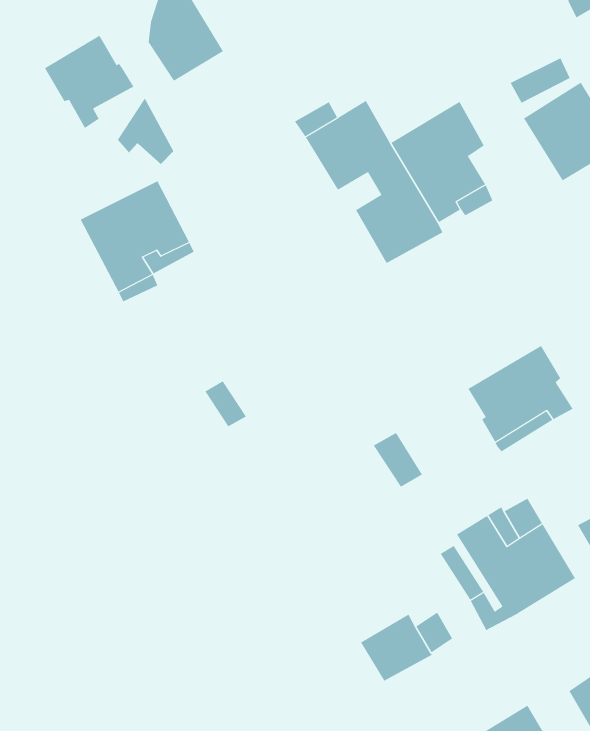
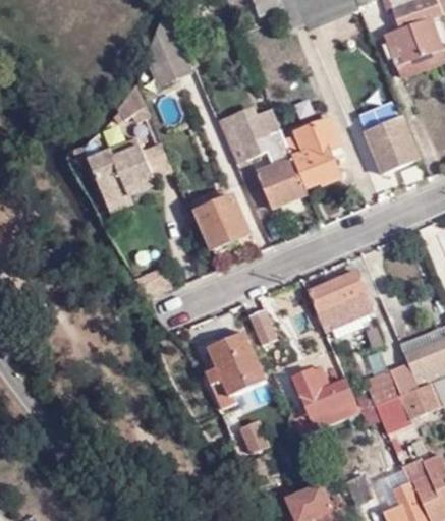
building: [44,35,134,129] -> none
building: none -> [193,192,251,258]
building: none -> [206,331,266,398]

